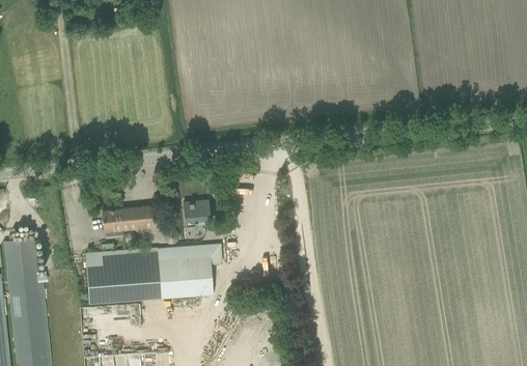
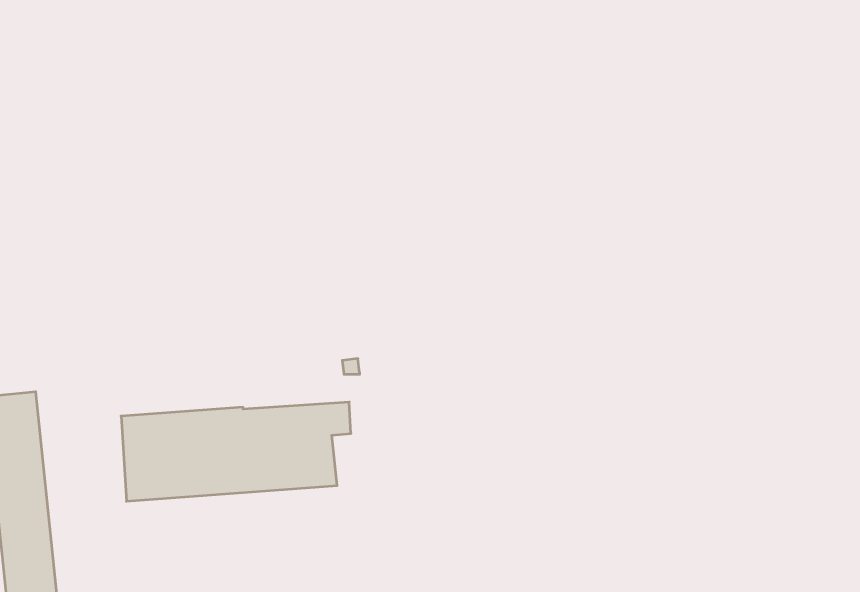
building: [183,200,210,228] -> none
building: [102,206,152,232] -> none

